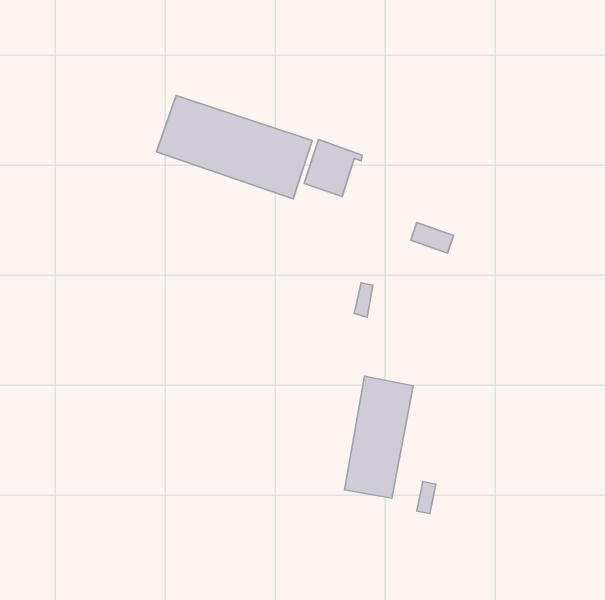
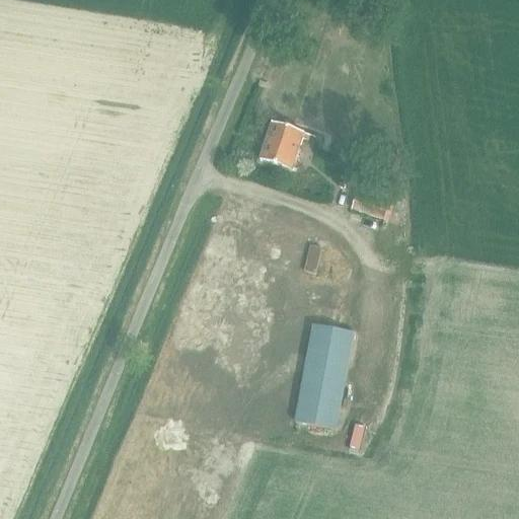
building: [157,96,312,199] -> none

